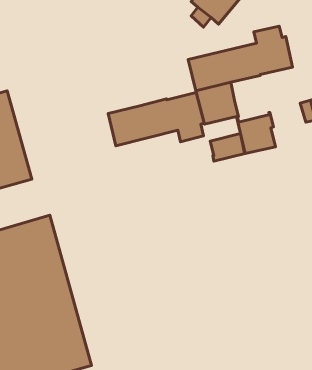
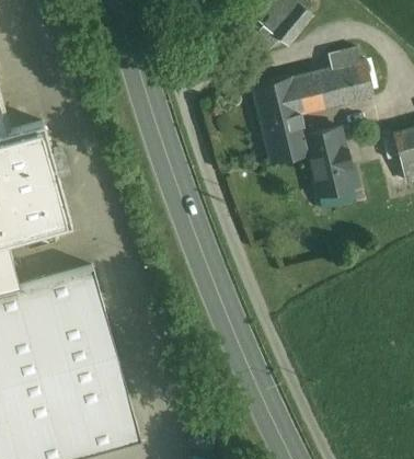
building: [108,92,204,146] -> none
building: [210,134,245,161] -> [306,128,346,160]

